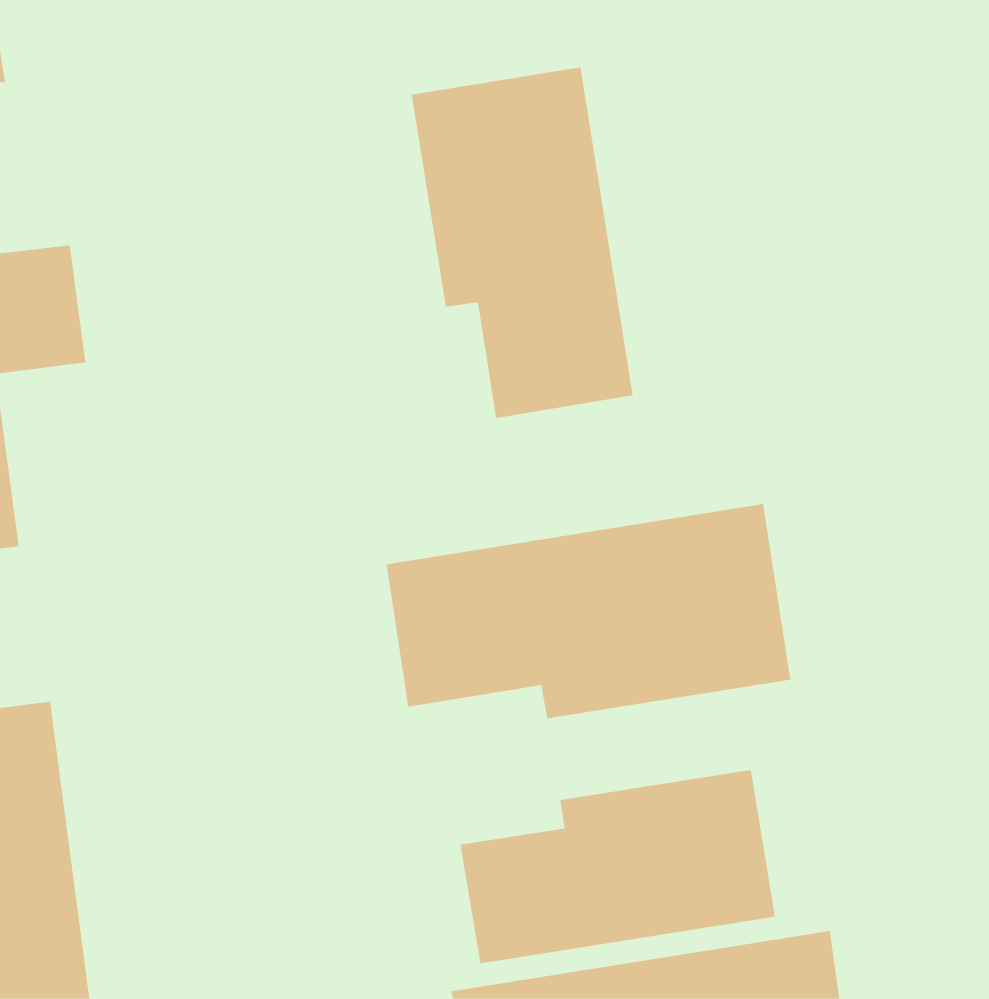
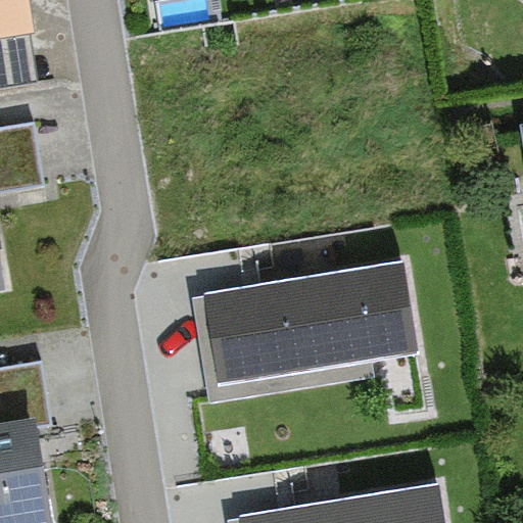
building: [411,66,633,419] -> none
building: [460,769,776,964] -> none

